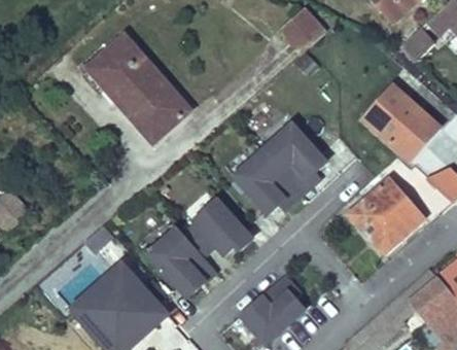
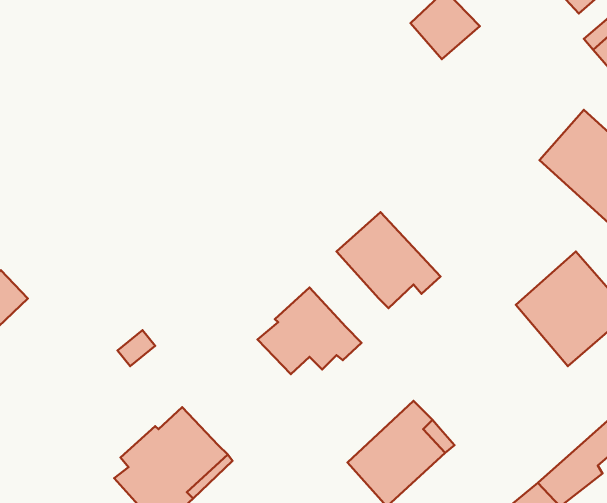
building: [90,36,190,141] -> none
building: [261,125,324,194] -> none
building: [147,229,214,297] -> none
building: [73,267,132,325] -> none

